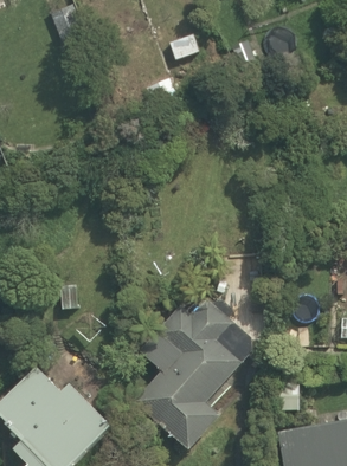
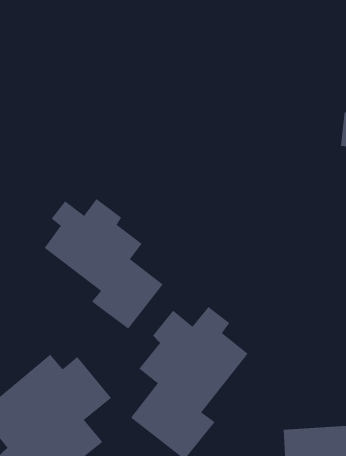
building: none -> [44,198,164,330]

